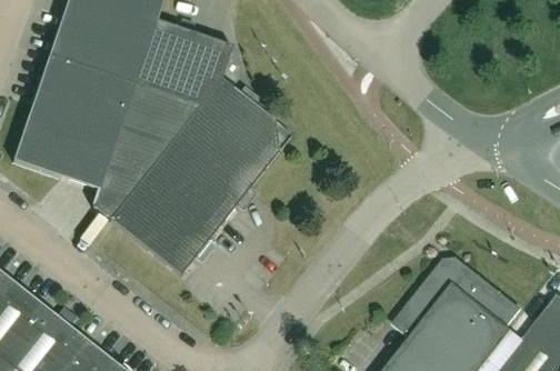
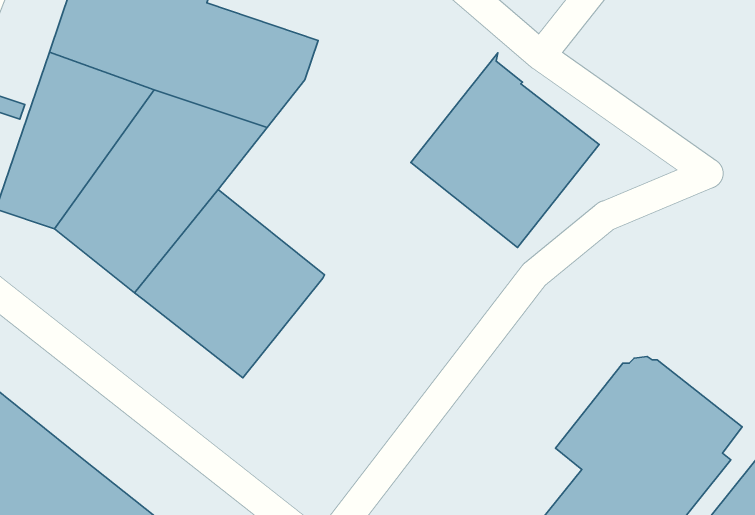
building: [163,72,291,204] -> [411,53,599,248]

